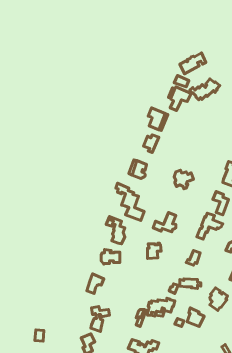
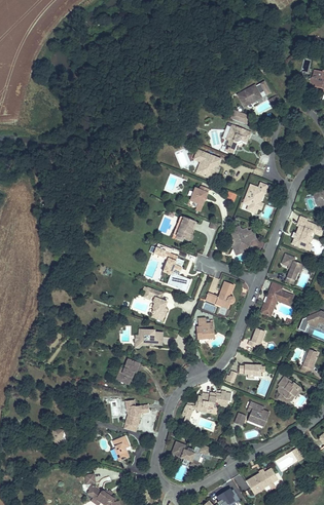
building: [190,79,220,100] -> none
building: none -> [243,184,266,212]

